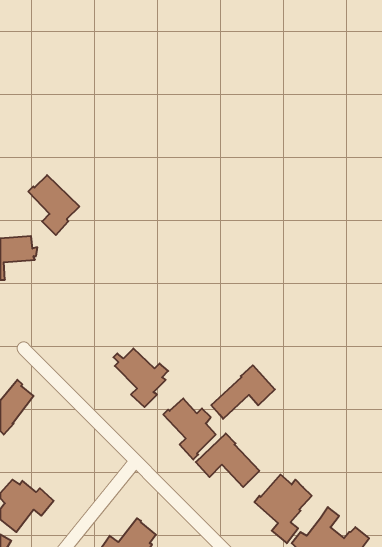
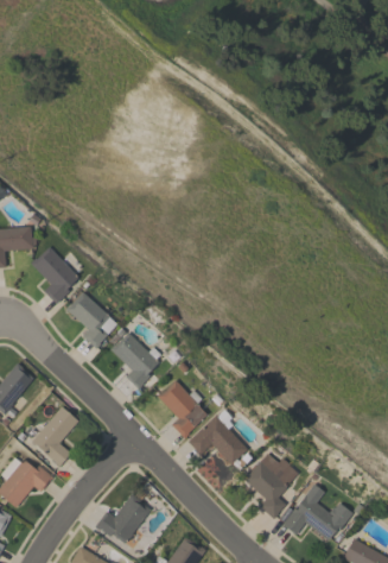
building: [28,175,79,235] -> [31,247,79,304]
building: none -> [65,291,117,349]
building: [211,365,275,419] -> none
building: none -> [32,406,78,466]

